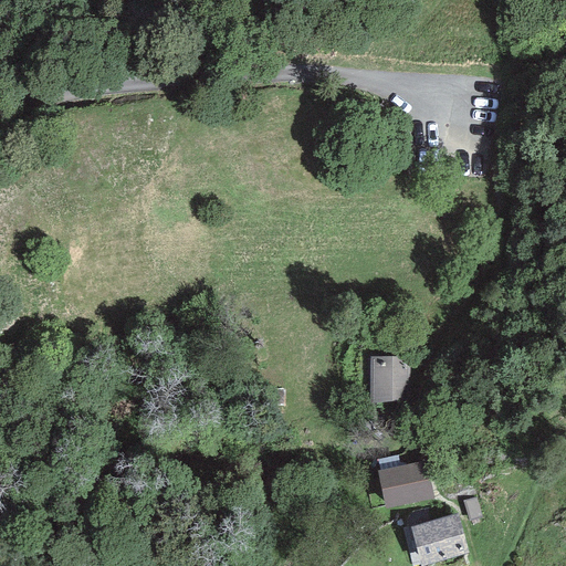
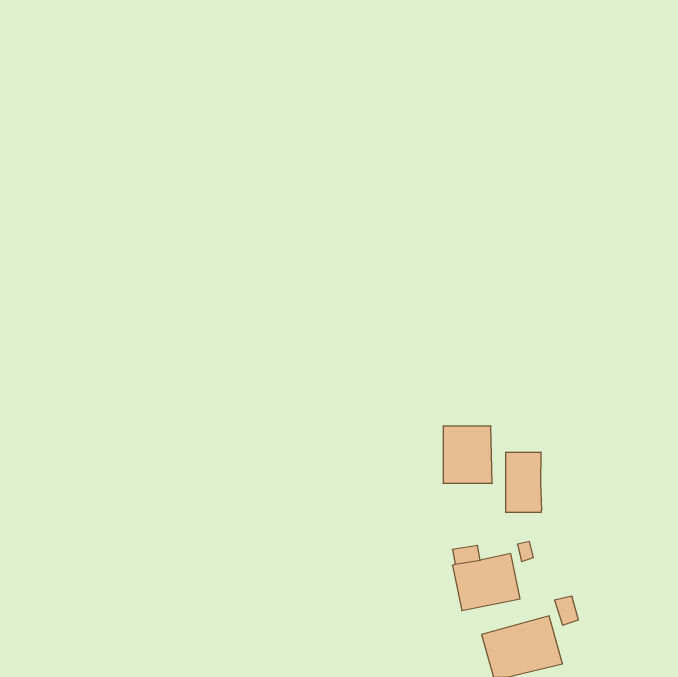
building: none -> [506,452,541,513]

